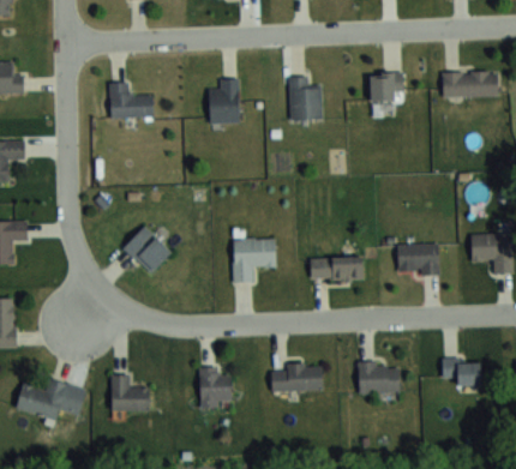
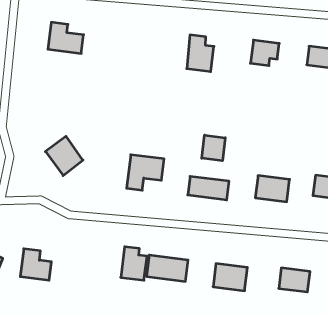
building: [210,79,240,122] -> none
building: none -> [202,135,225,161]
building: [200,368,230,408] -> [121,247,147,280]

